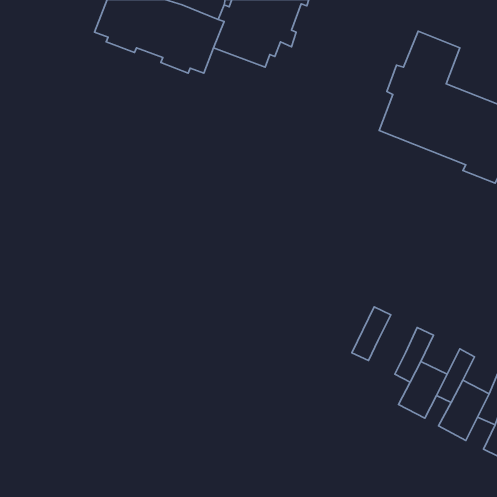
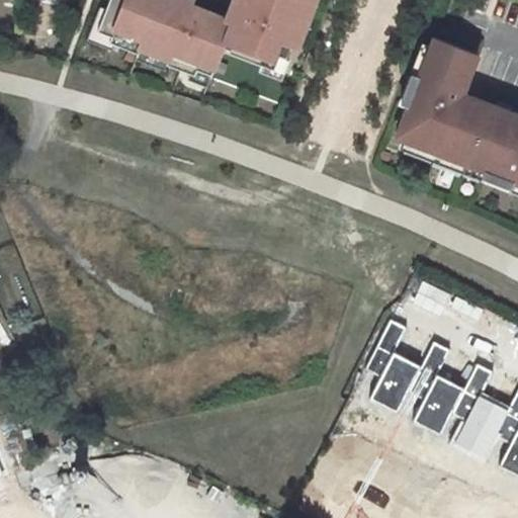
building: none -> [372,353,422,412]

